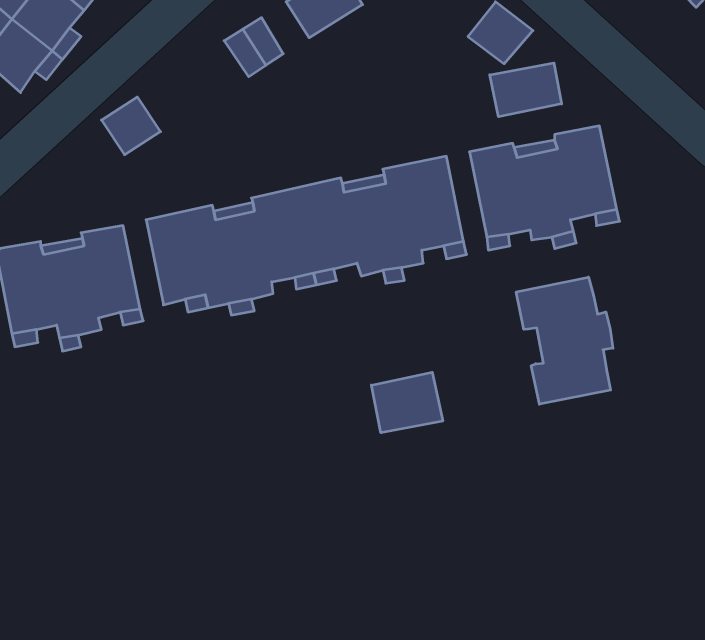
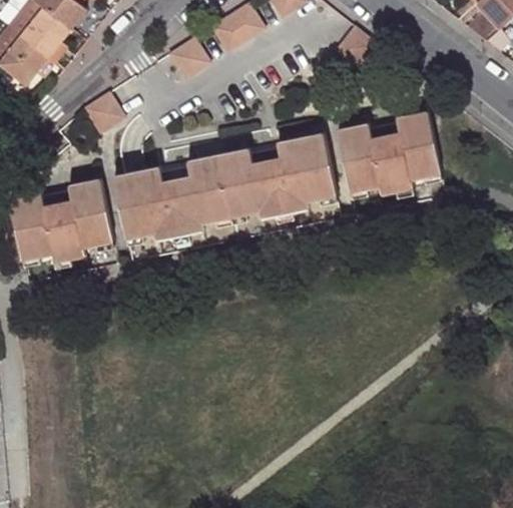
building: [490,63,562,117] -> none
building: [516,277,613,404] -> none
building: [371,372,443,433] -> none

